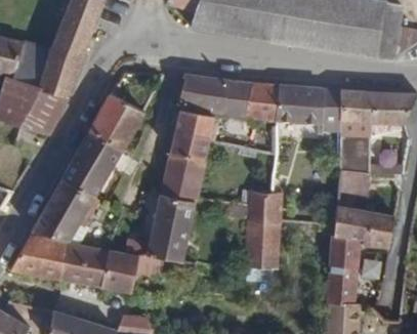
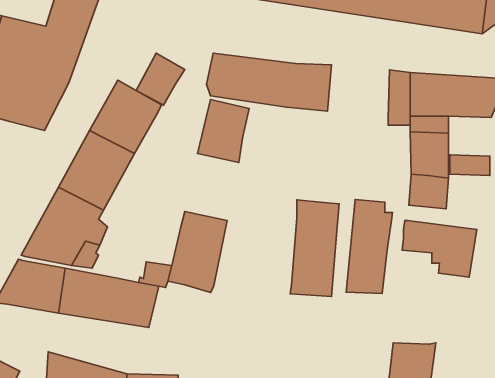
building: none -> [136,53,185,105]
building: [275,83,324,125] -> none
building: [161,154,204,207] -> none
building: [327,231,364,305] -> [346,200,392,294]

